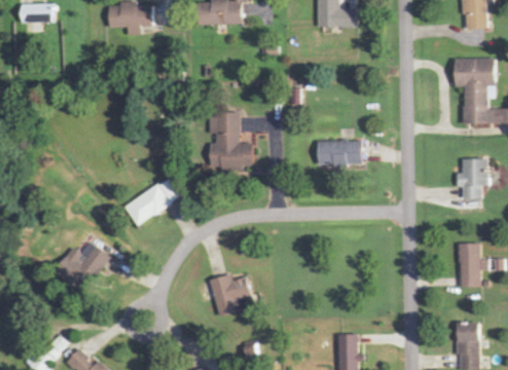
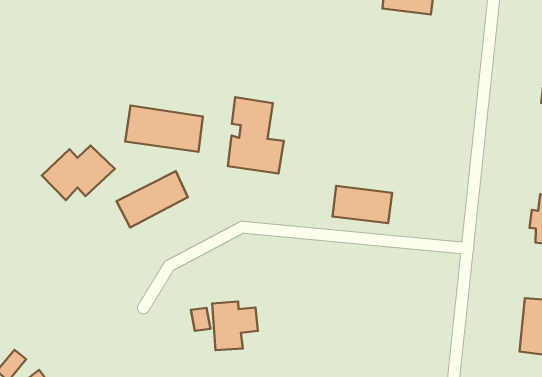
building: none -> [125,105,203,152]
building: [317,141,362,165] -> [332,186,392,223]
building: [53,242,111,288] -> [42,145,115,200]

